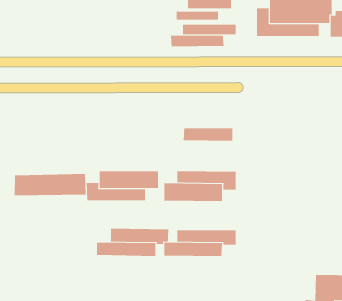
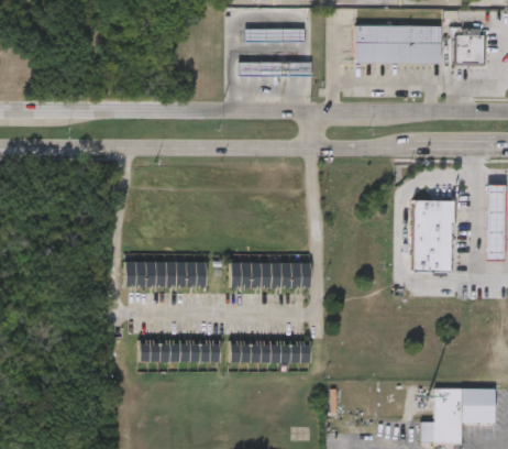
building: [183,127,233,142] -> none
building: none -> [409,204,449,275]
building: [14,173,86,196] -> none

